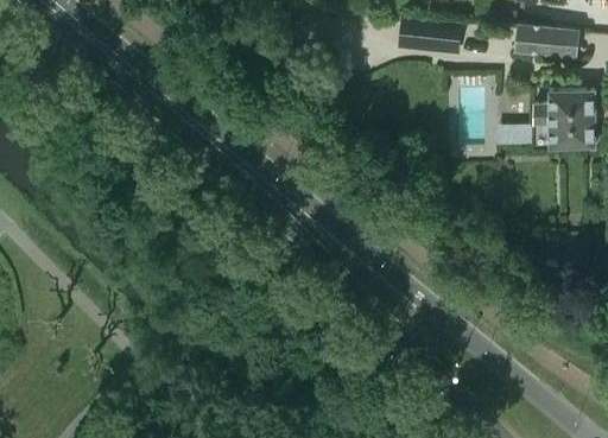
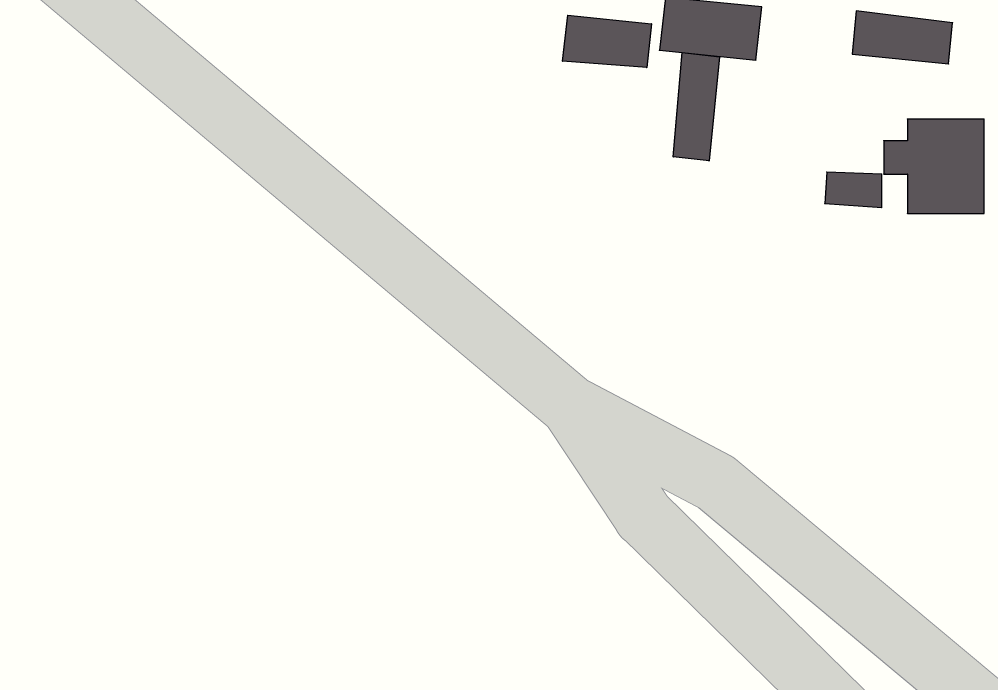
building: none -> [563,15,651,68]
building: none -> [673,53,720,161]

